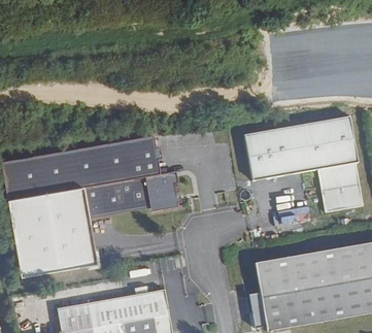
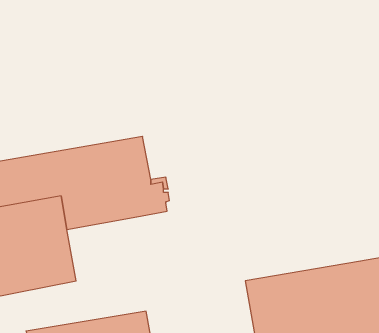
building: [244,116,362,211] -> none

